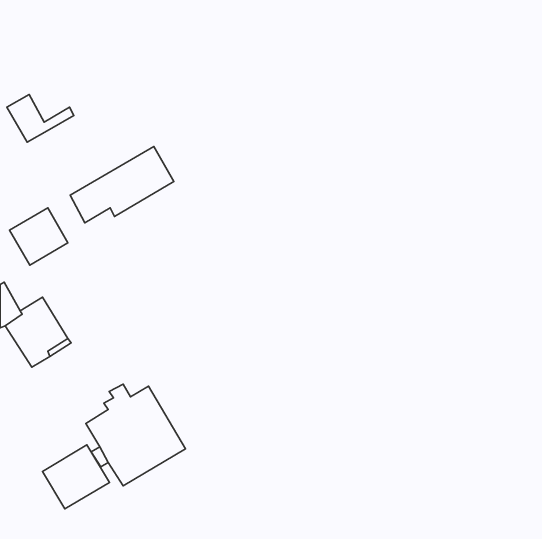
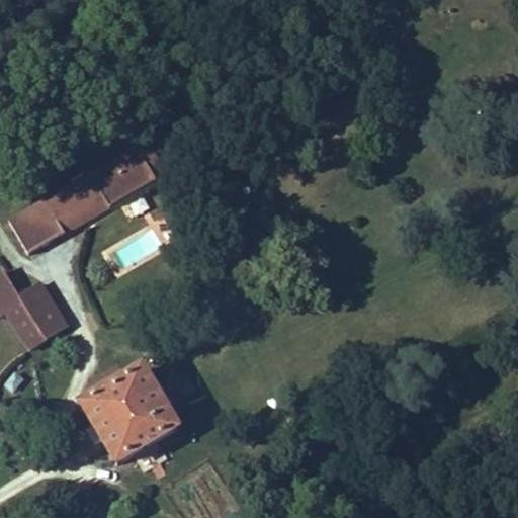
building: [7,94,74,142] -> [46,186,109,232]
building: [42,445,110,509] -> none

